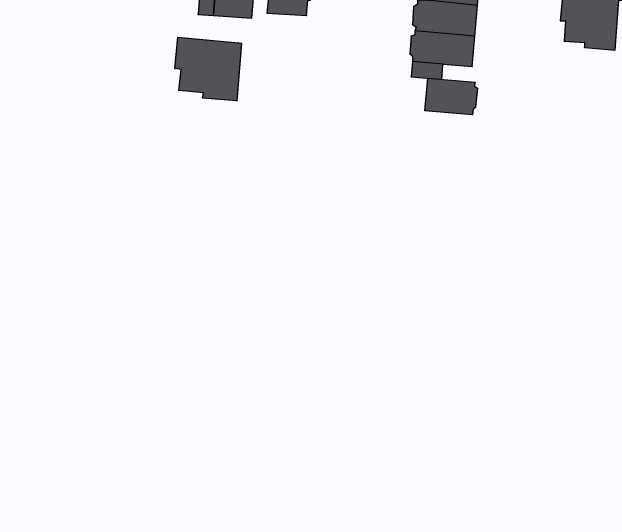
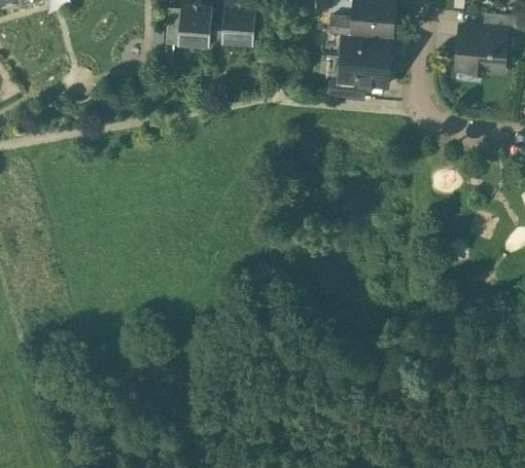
building: [175,37,241,101] -> none
building: [425,78,477,115] -> none

